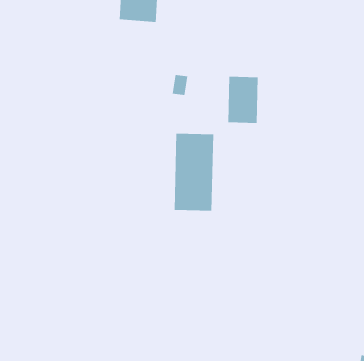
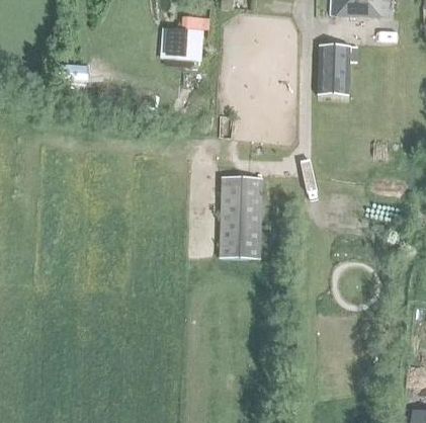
building: [228,76,258,123] -> [319,44,351,93]

